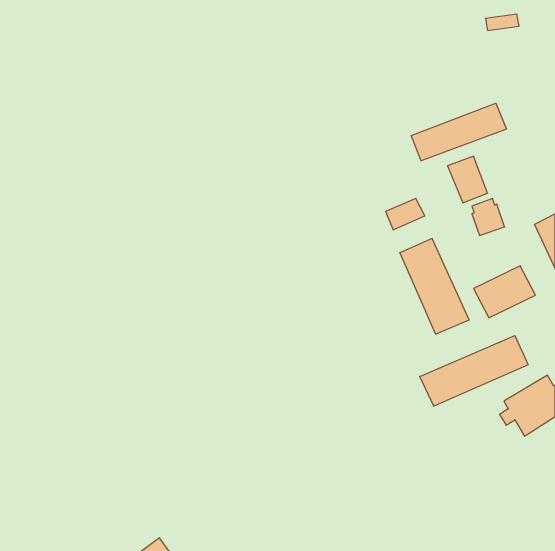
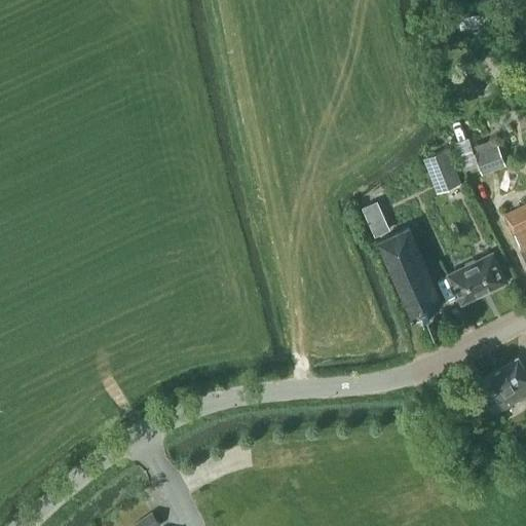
building: [411,103,507,161] -> none
building: [472,199,505,236] -> [475,142,505,177]
building: [420,336,528,406] -> none

